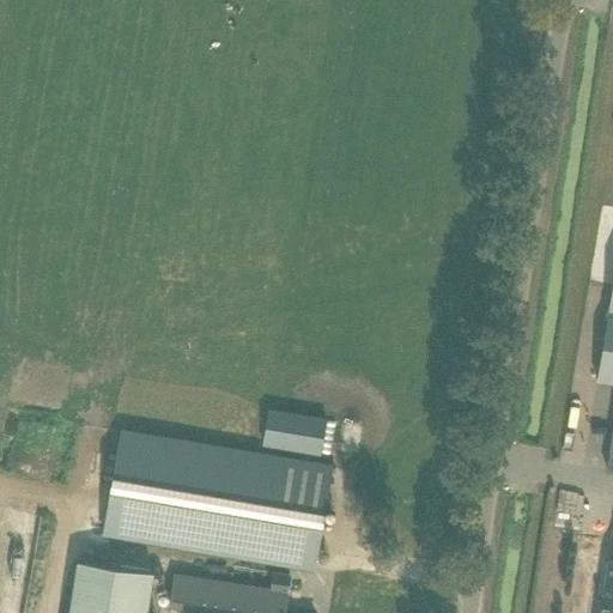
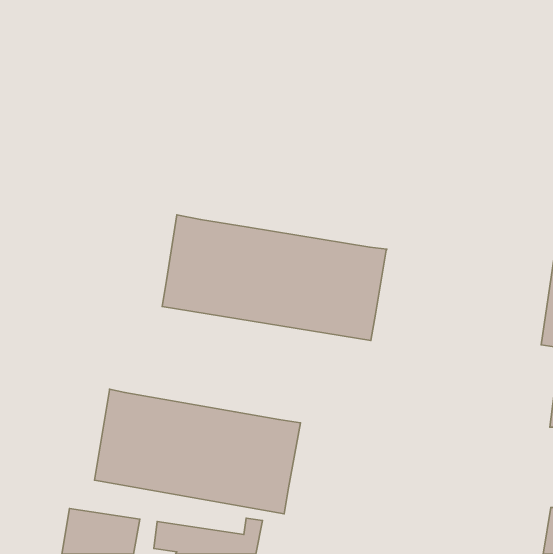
building: none -> [162,215,387,340]
building: [263,412,328,454] -> none

